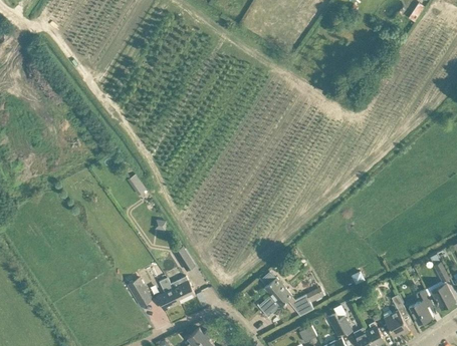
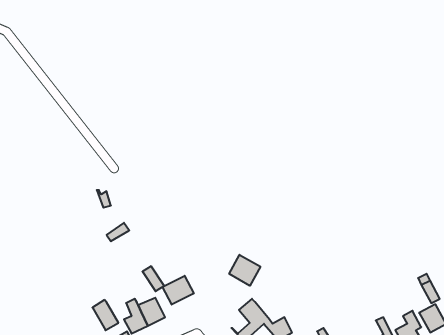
building: none -> [229,255,260,286]
building: none -> [163,276,194,305]

